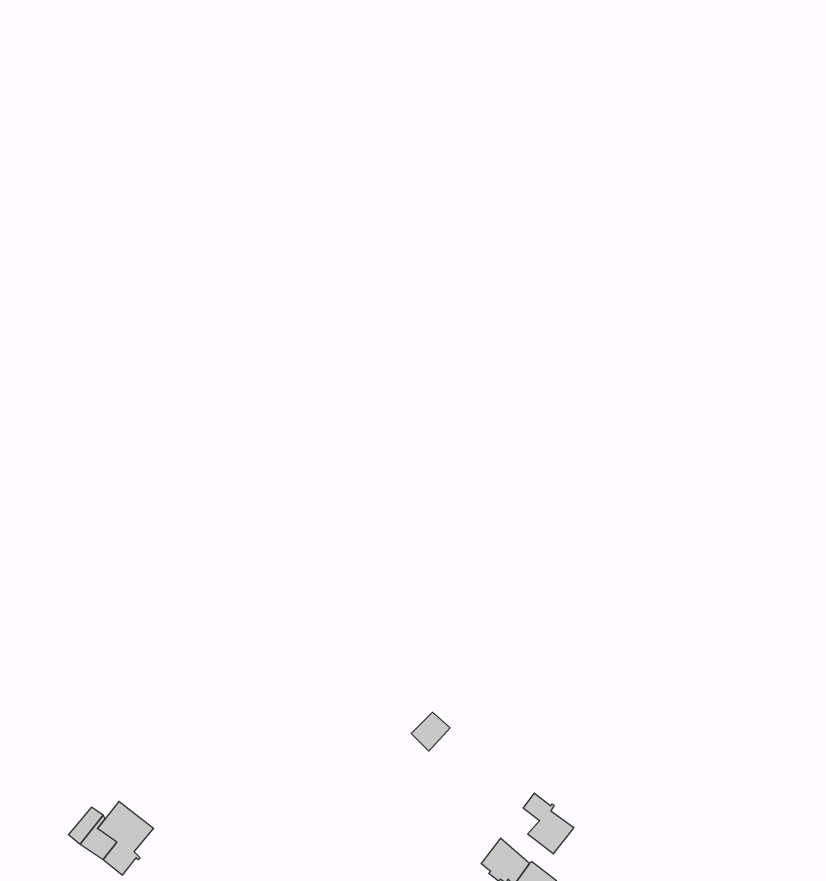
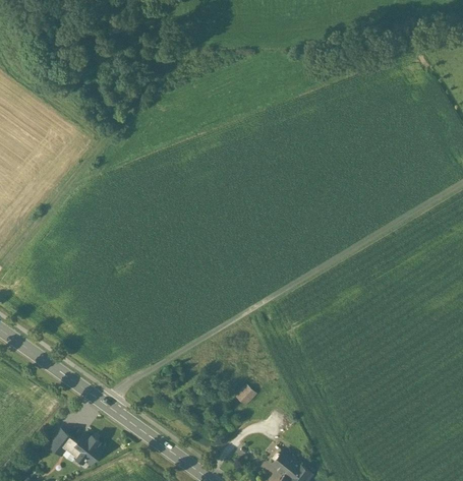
building: [523,793,574,854] -> none

